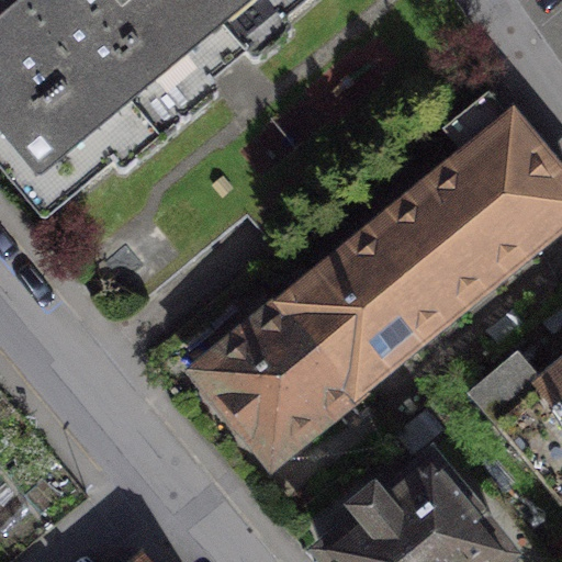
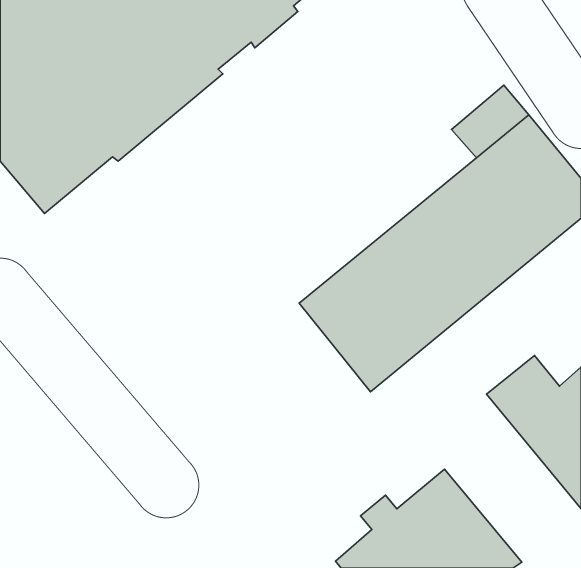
building: [200,288,358,448] -> none

